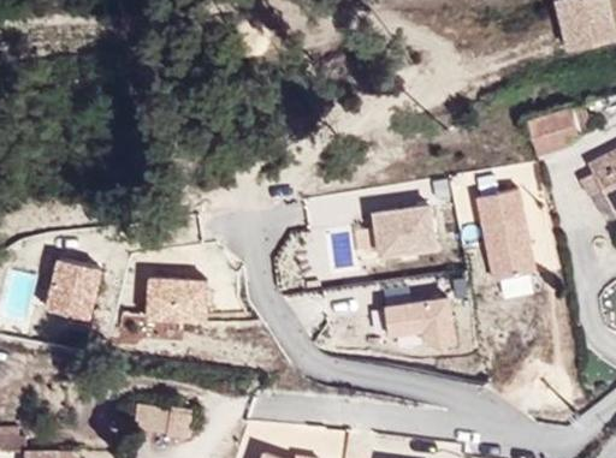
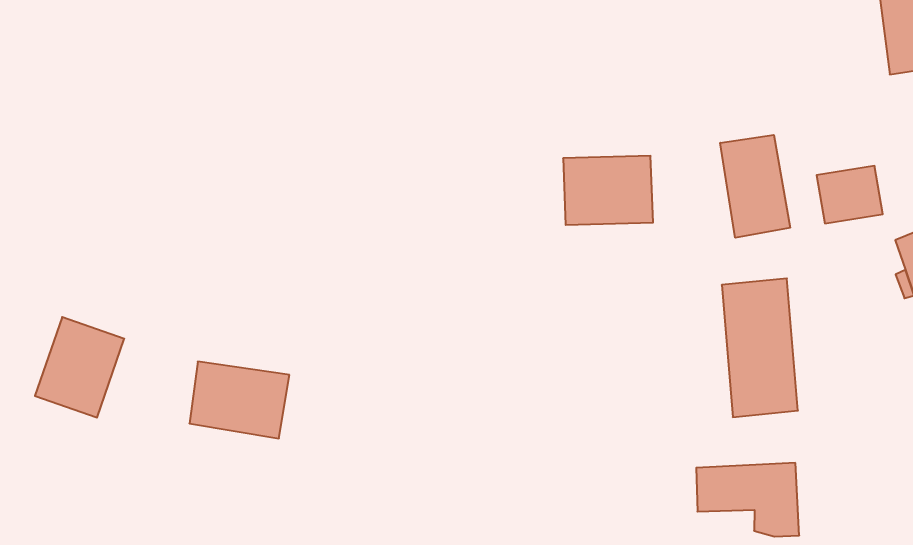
building: none -> [720,135,790,238]
building: [375,208,437,257] -> [563,156,653,225]
building: [385,298,455,346] -> [696,463,799,537]

